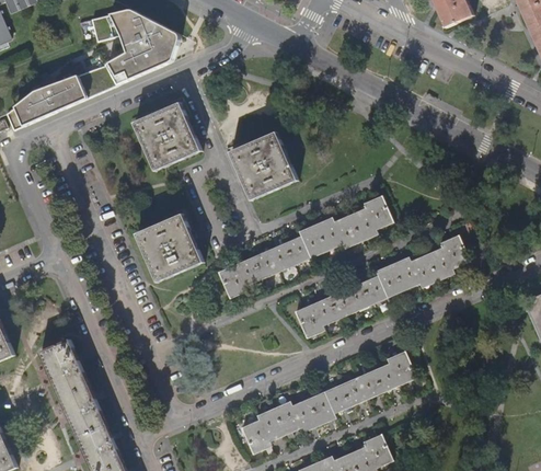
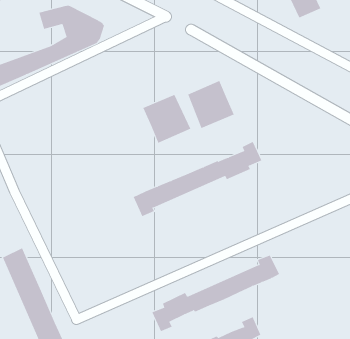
building: [135,102,202,170] -> none
building: none -> [187,80,234,129]
building: [137,212,204,280] -> none
building: [296,233,470,335] -> none

